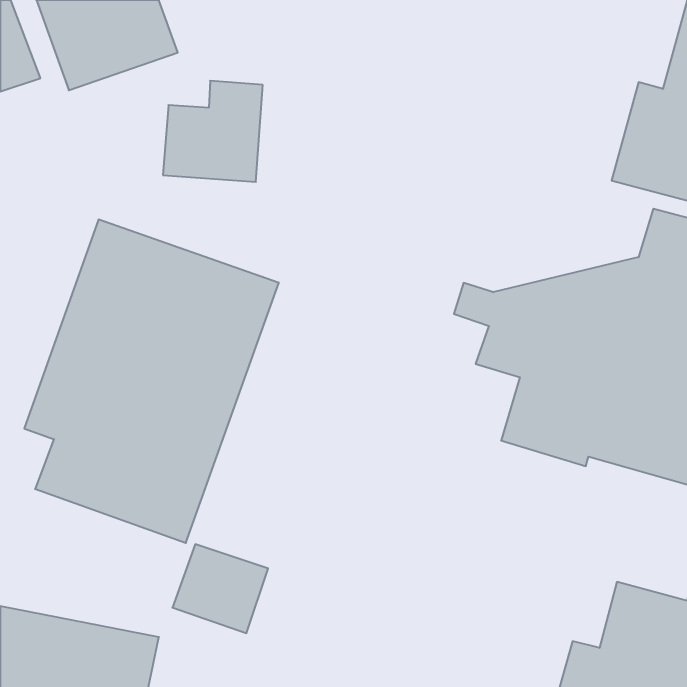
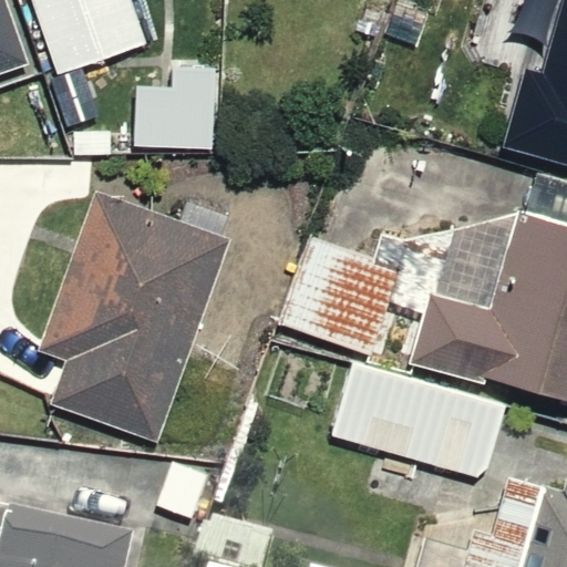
building: none -> [282,237,403,357]
building: none -> [333,363,507,480]

